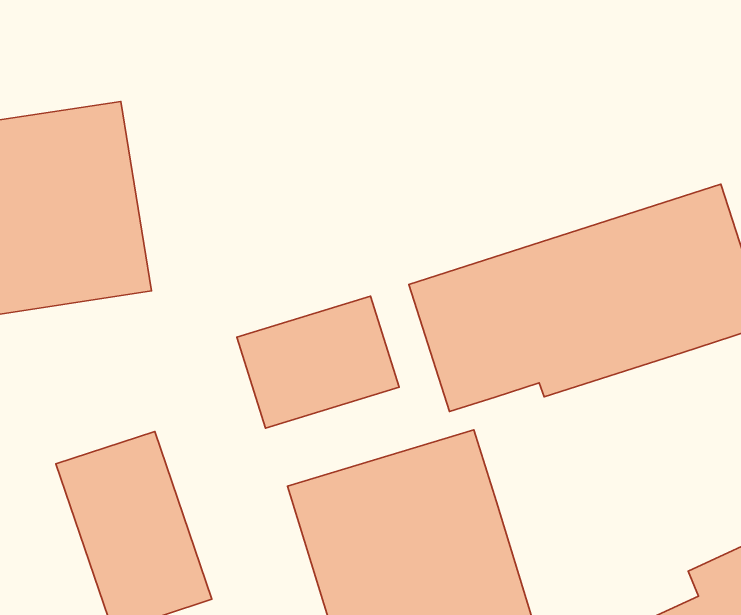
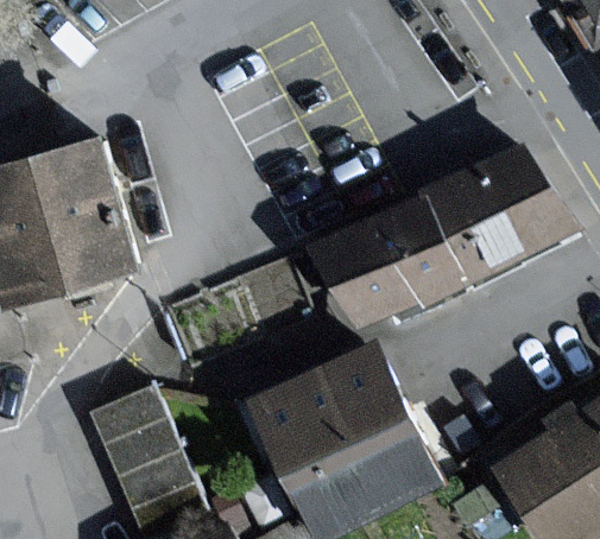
building: [237,296,399,428] -> none

